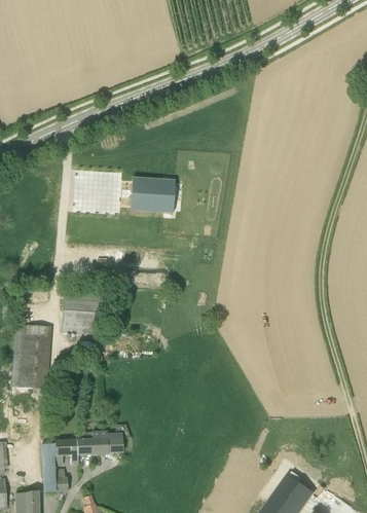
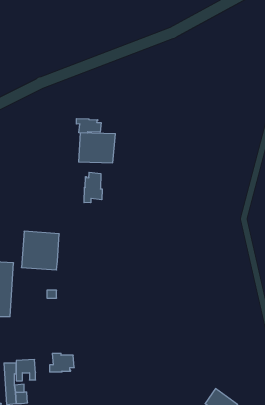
building: none -> [76,119,101,133]
building: none -> [84,172,102,203]
building: [77,432,99,455] -> none

